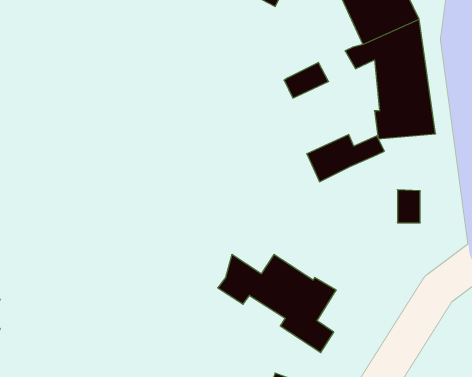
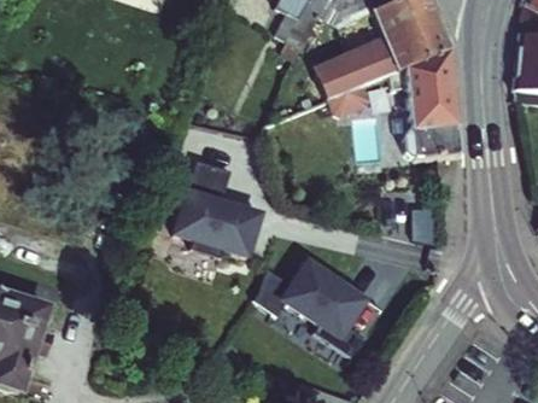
building: [307,135,384,182] -> [310,52,384,97]
building: none -> [174,157,256,255]

